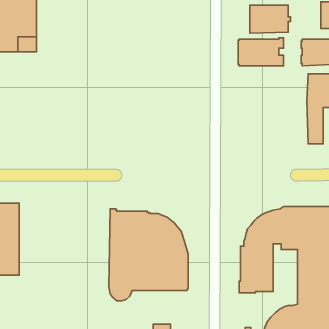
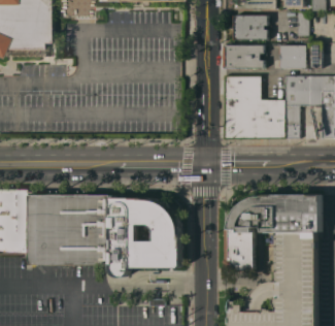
building: none -> [226,75,287,140]
building: none -> [31,191,111,264]

